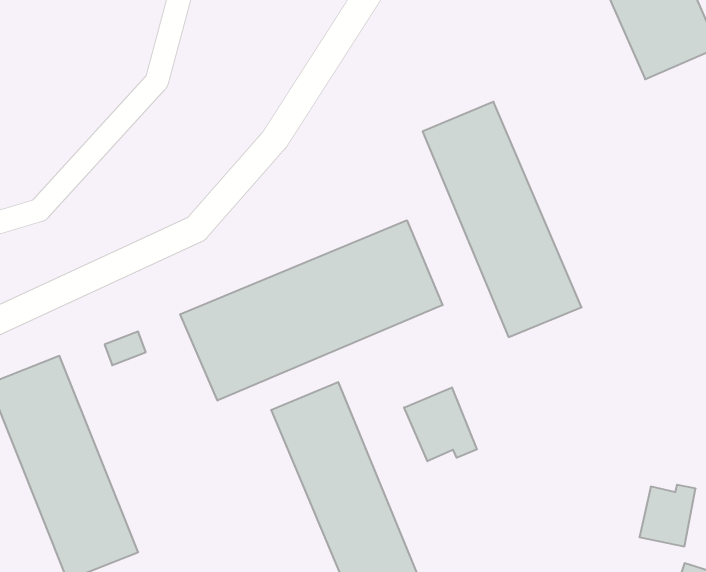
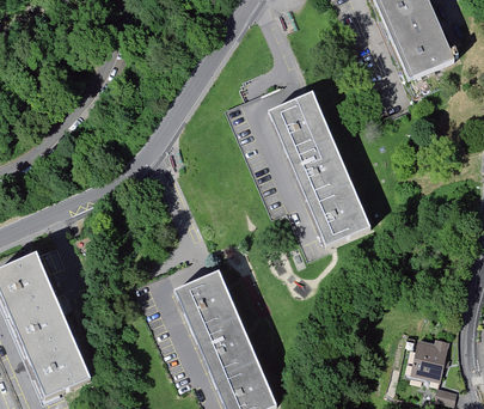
building: [180,220,443,401] -> none
building: [404,387,477,461] -> none

